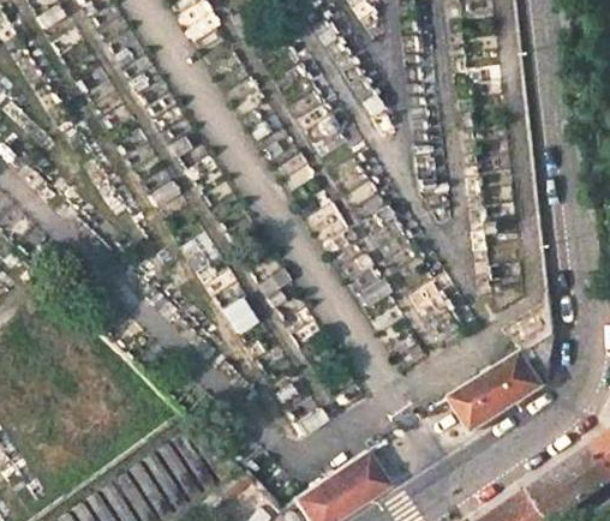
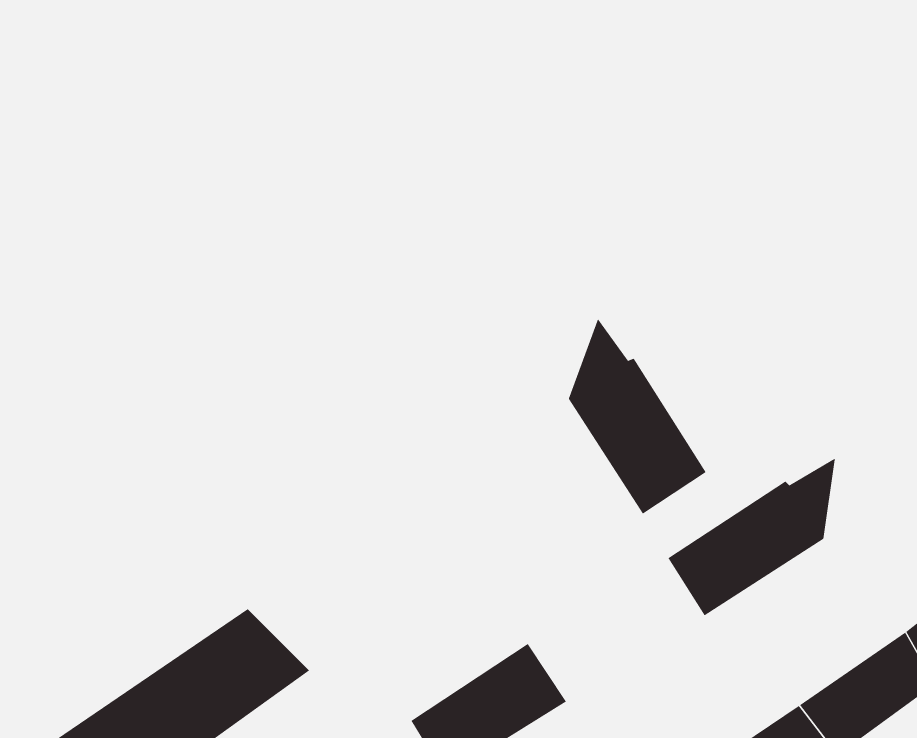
building: none -> [568,318,707,514]

